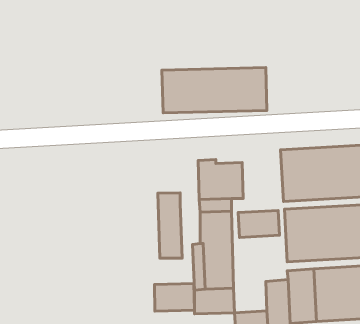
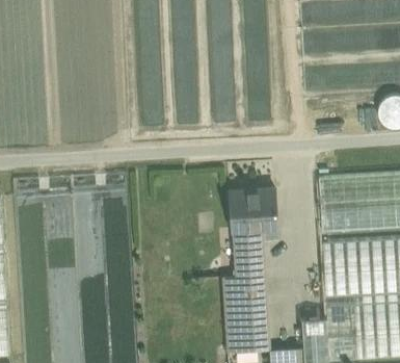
building: [162,68,267,113] -> none
building: [158,193,182,258] -> none
building: [238,210,279,237] -> none
building: [154,284,194,311] -> none

